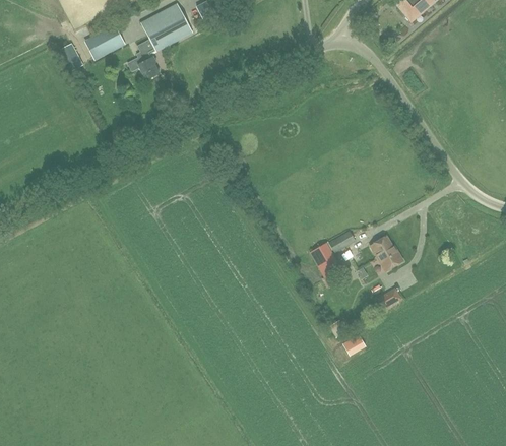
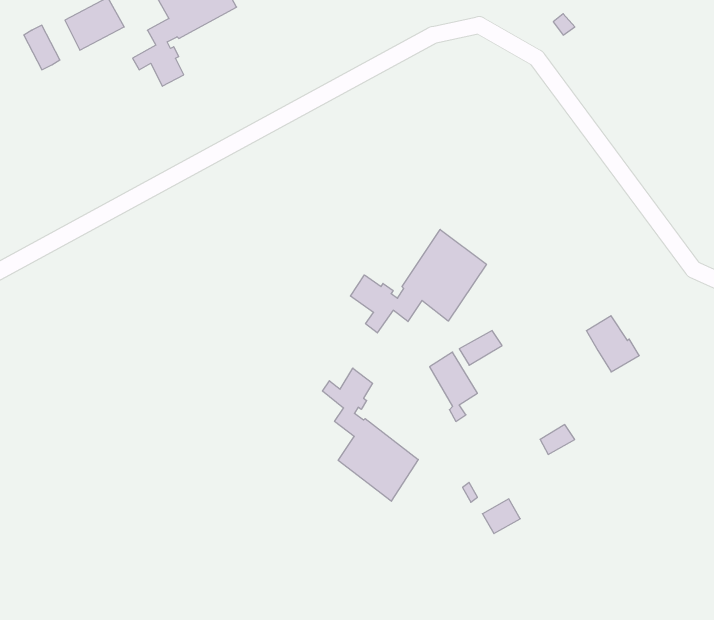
building: none -> [350,229,486,333]
building: [371,236,403,270] -> [586,316,639,372]
building: none -> [322,368,418,501]

